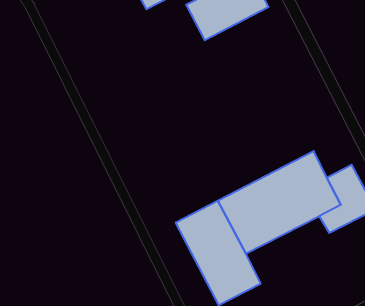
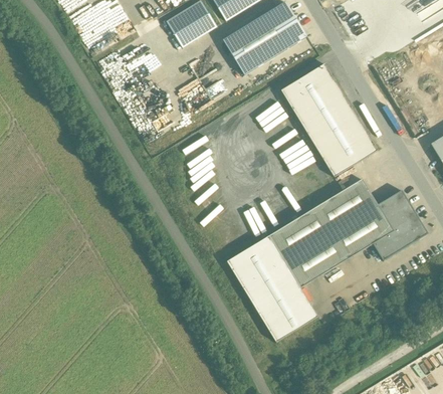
building: none -> [280,62,377,176]

